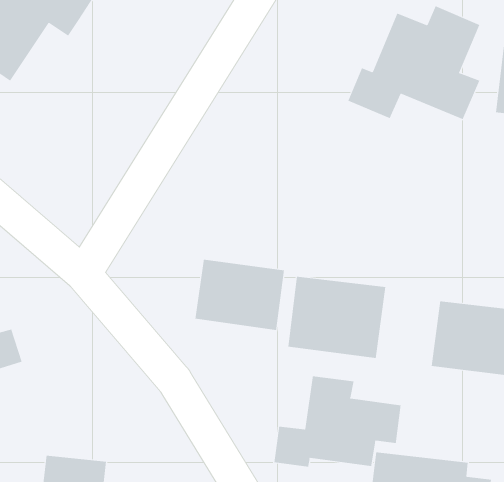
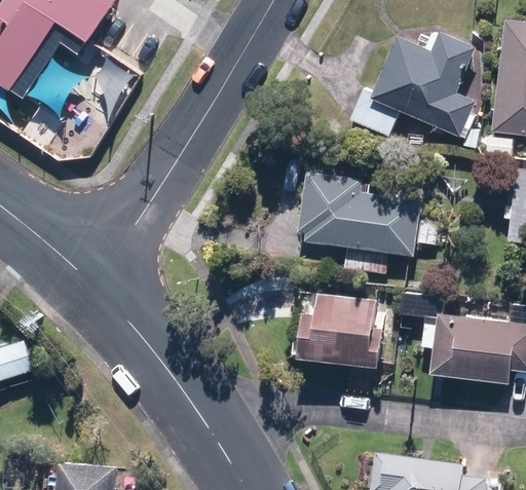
building: none -> [296,171,422,257]
building: [195,259,285,331] -> none
building: [274,375,401,468] -> none

